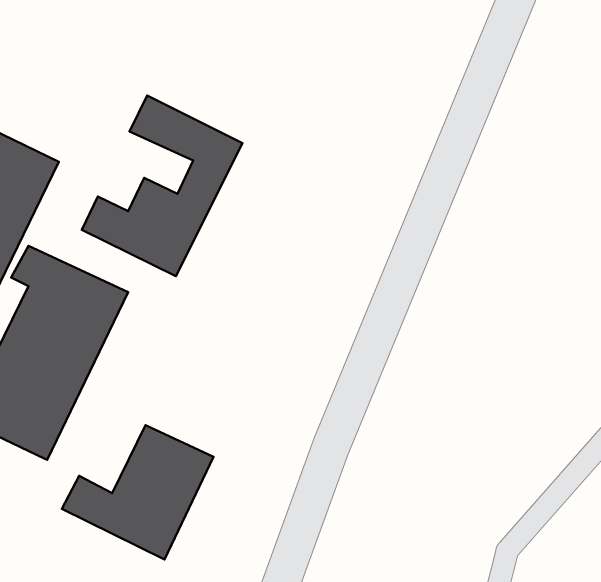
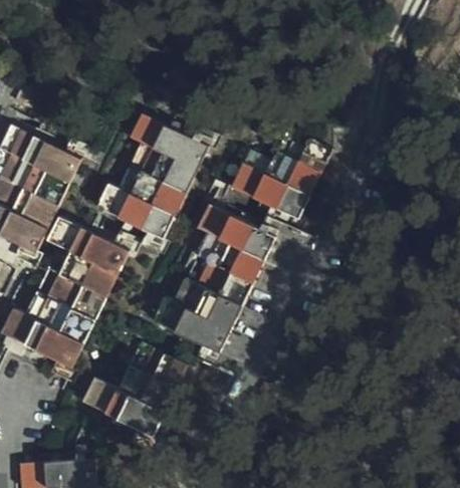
building: none -> [230,131,332,221]
building: none -> [153,204,274,354]

